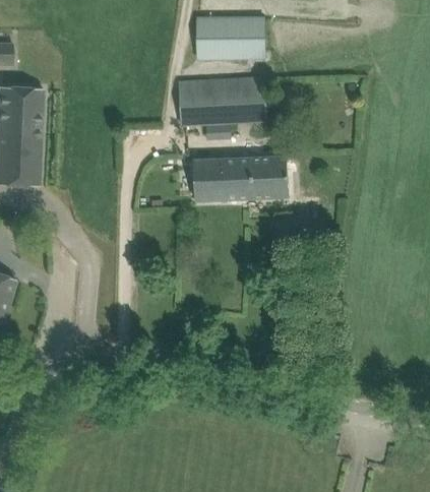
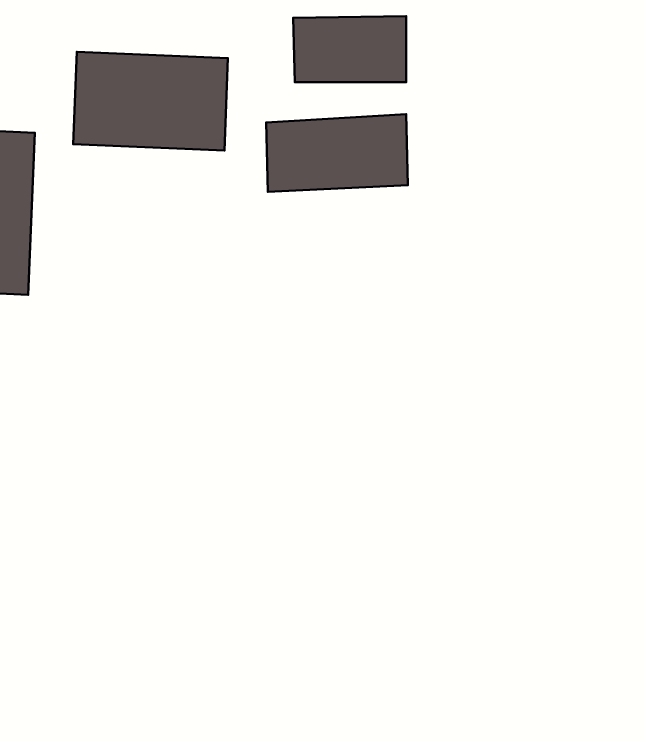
building: none -> [73,52,228,150]
building: [193,153,288,201] -> none

